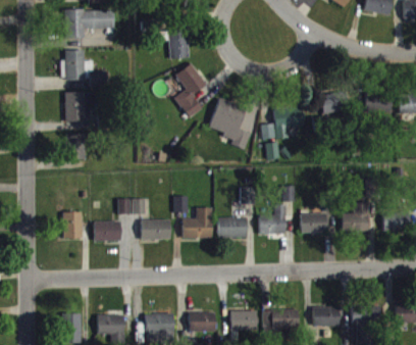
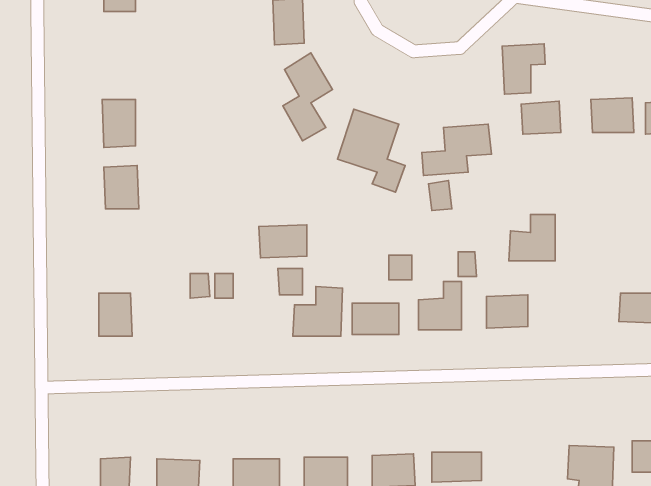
building: [61,50,106,86] -> none
building: none -> [502,44,545,94]
building: [340,202,368,231] -> [509,214,555,261]
building: [141,219,170,240] -> [259,225,307,258]
building: [94,221,120,241] -> none
building: [314,306,340,326] -> none

